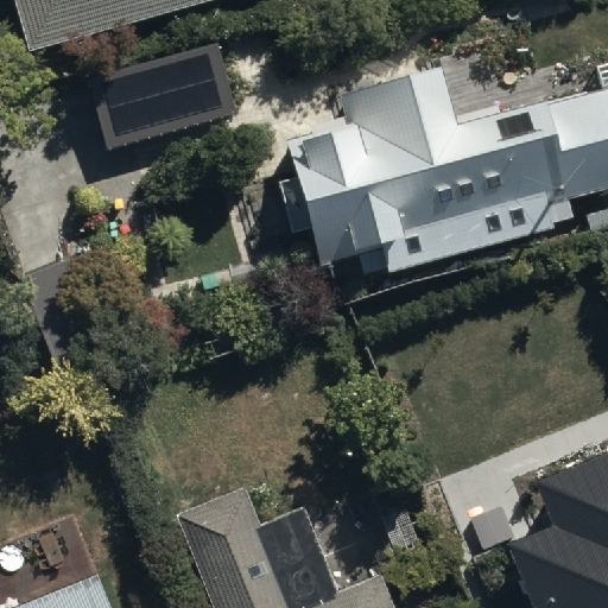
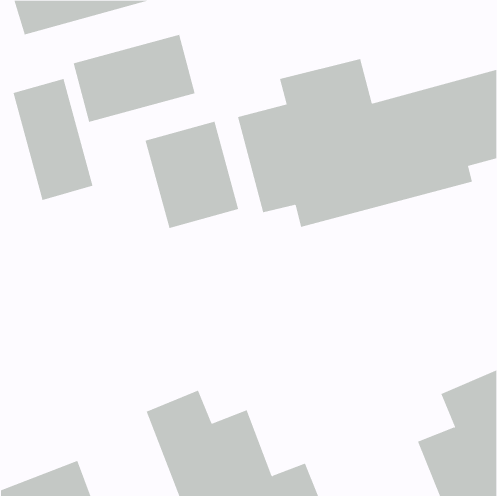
building: none -> [13,78,93,201]
building: none -> [145,121,239,229]

